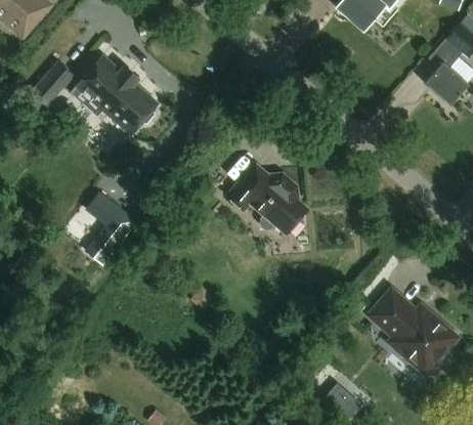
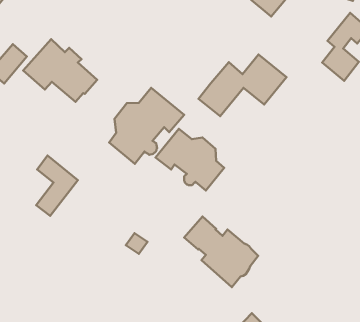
building: none -> [198,55,286,116]
building: none -> [109,88,184,164]
building: [370,292,457,375] -> [184,217,258,287]

